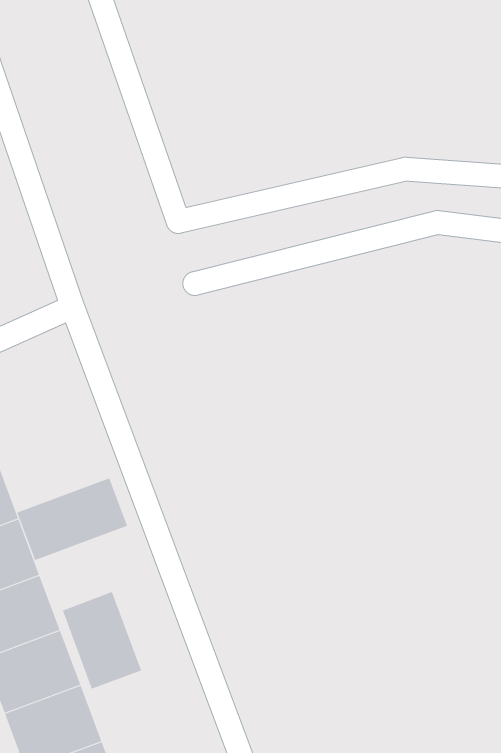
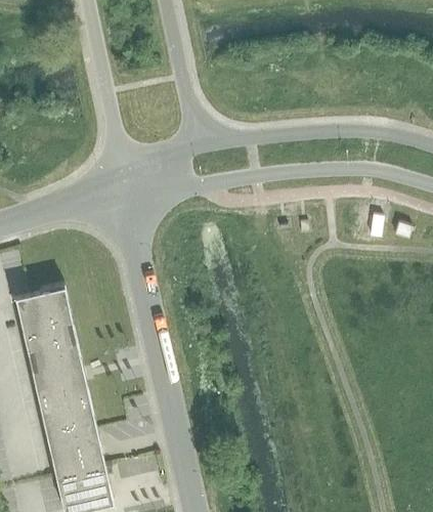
building: [17,477,128,561] -> none
building: [62,591,142,690] -> none

